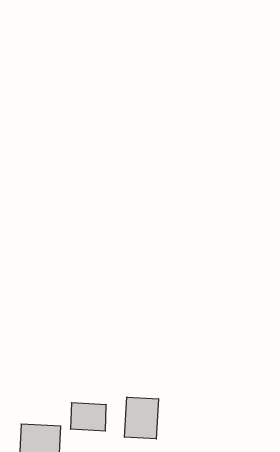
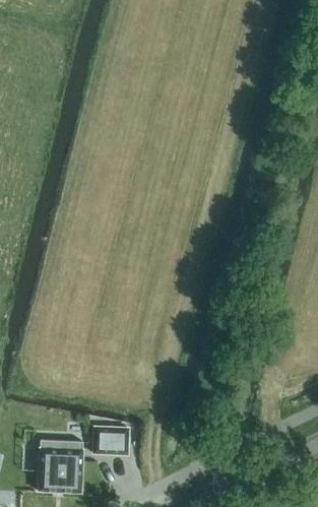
building: [125,397,158,439] -> none

